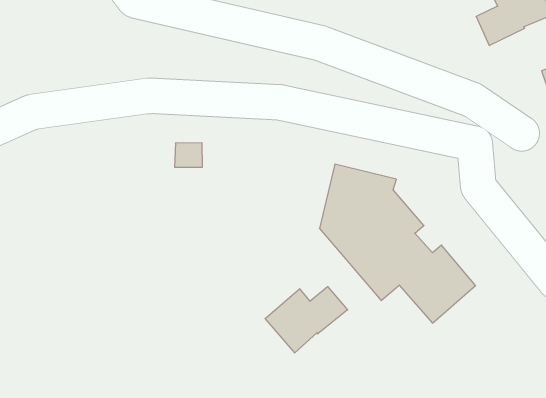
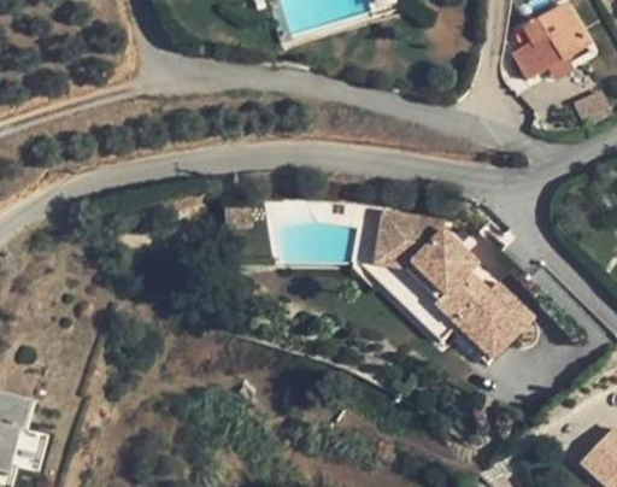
building: [265,287,348,353] -> none

